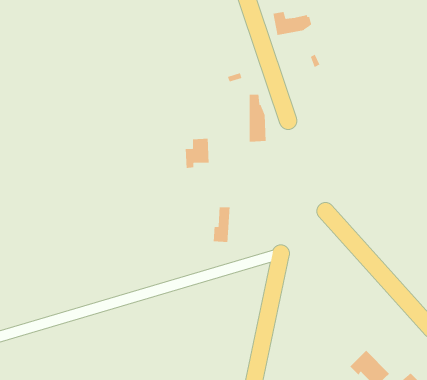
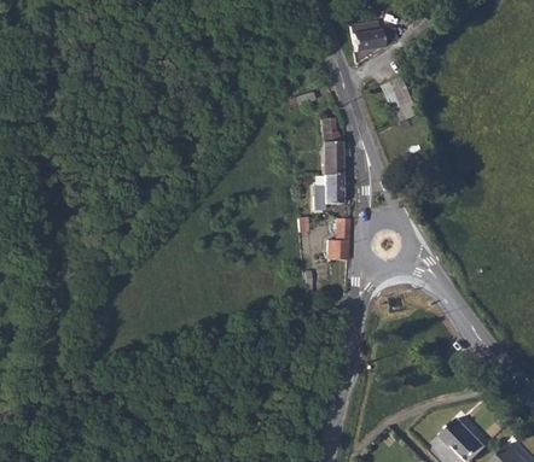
building: [185,138,210,169] -> [315,174,344,210]
building: [213,207,230,243] -> [331,220,352,262]

